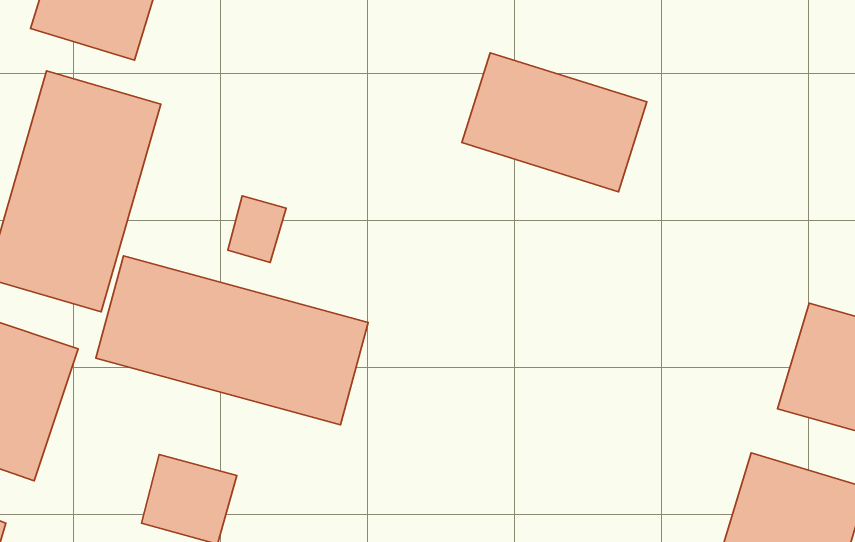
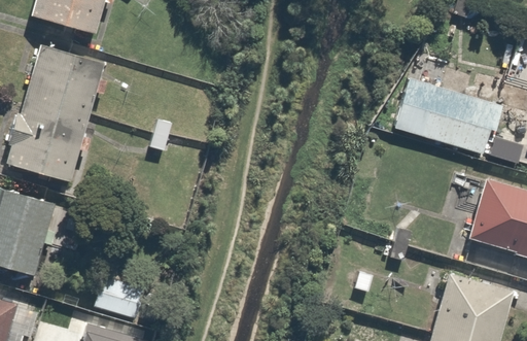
building: [462,53,647,192] -> [394,75,502,157]
building: [96,256,368,425] -> none

